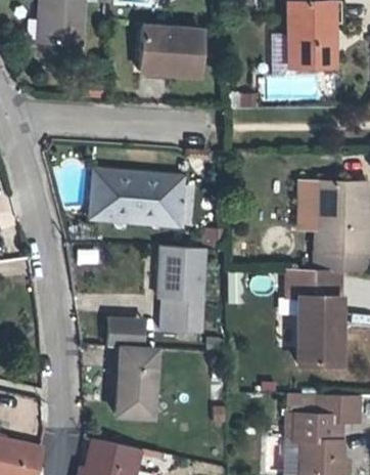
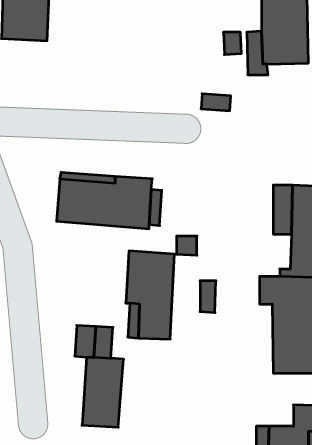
building: [140,27,202,75] -> none

